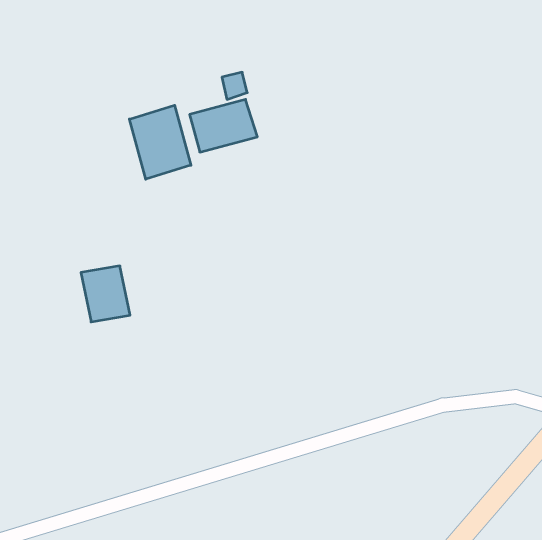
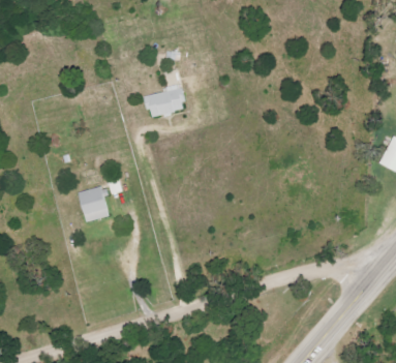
building: [129,105,191,179] -> none

